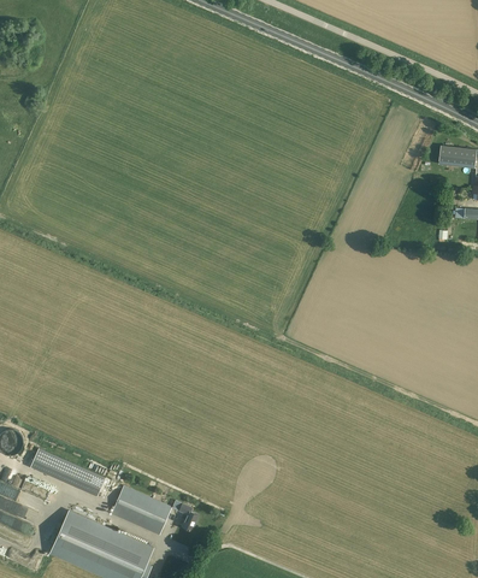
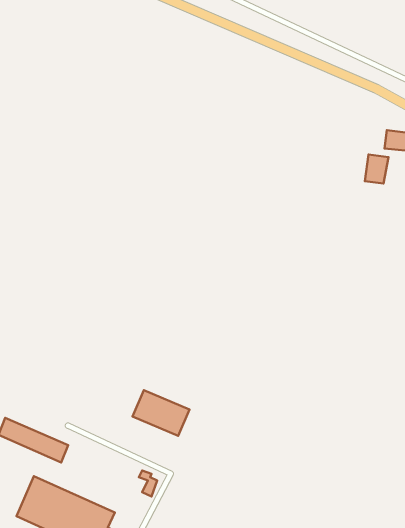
building: none -> [365,154,388,184]
building: [112,486,172,535] -> [132,390,190,436]

